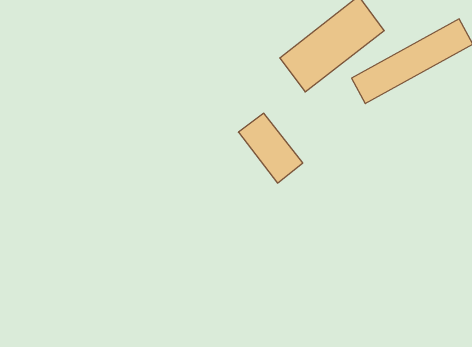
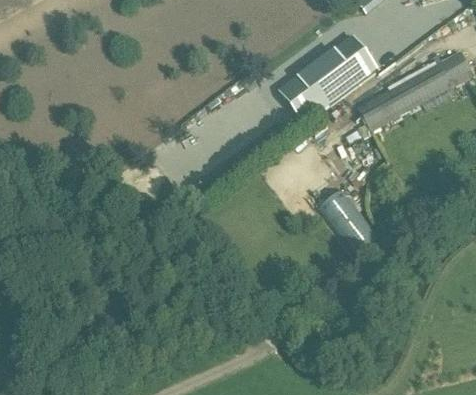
building: [238,113,303,183] -> [316,186,377,252]

